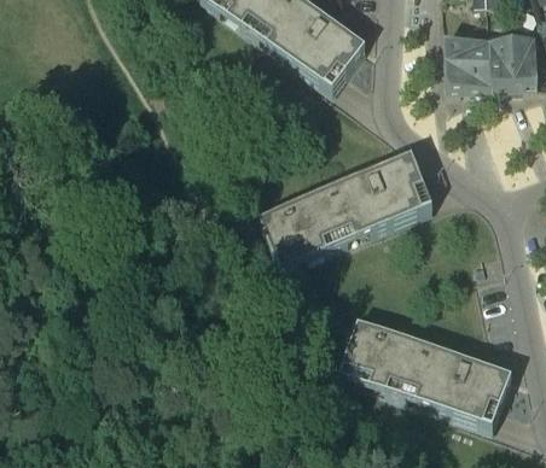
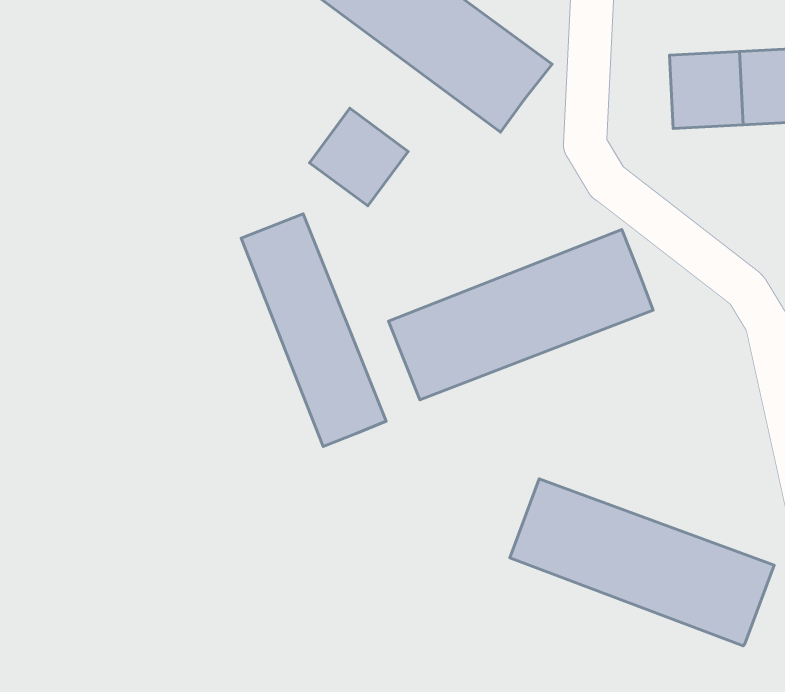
building: none -> [310,108,408,206]
building: none -> [241,214,386,447]

